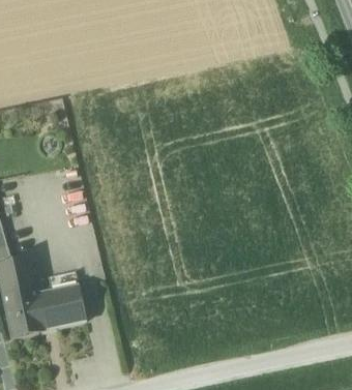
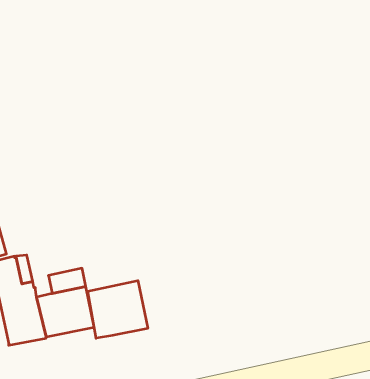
building: none -> [88,281,148,338]

